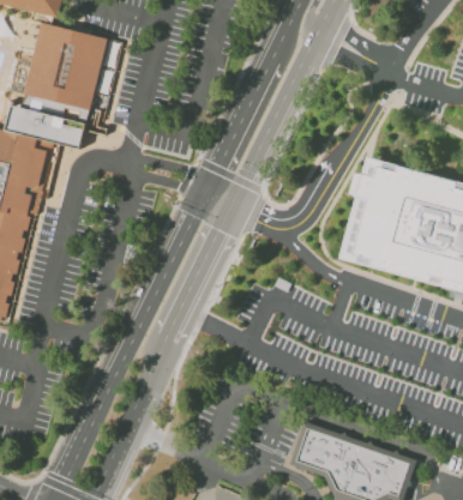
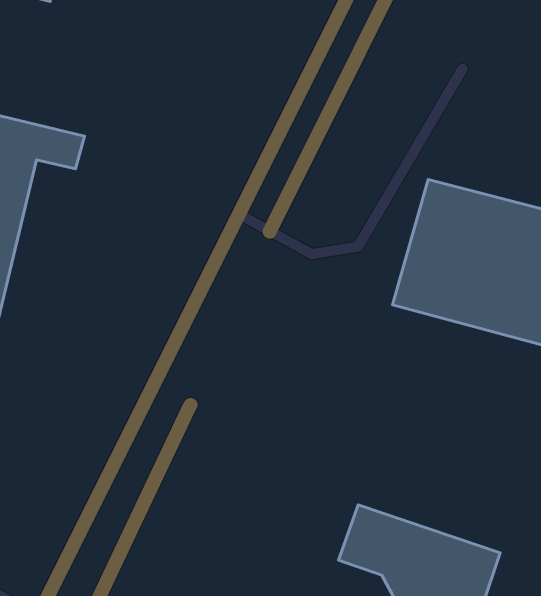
building: [25,22,108,108] -> none

